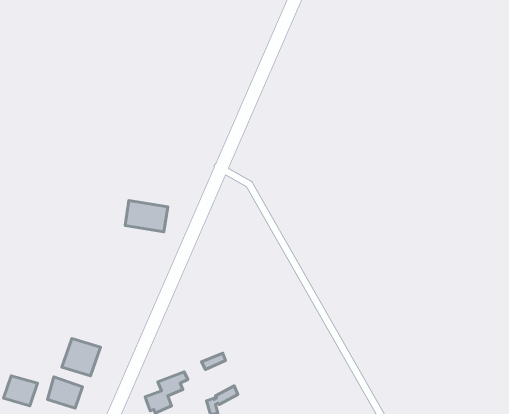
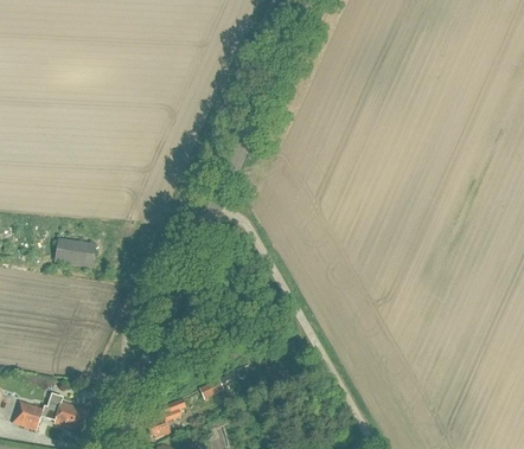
building: [125,201,168,232] -> [55,237,95,267]
building: [62,339,100,376] -> none

